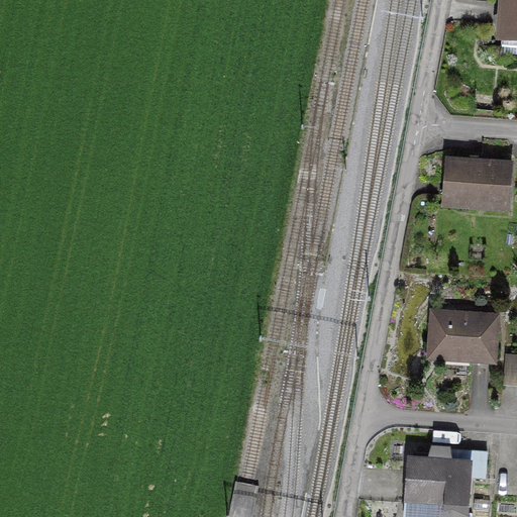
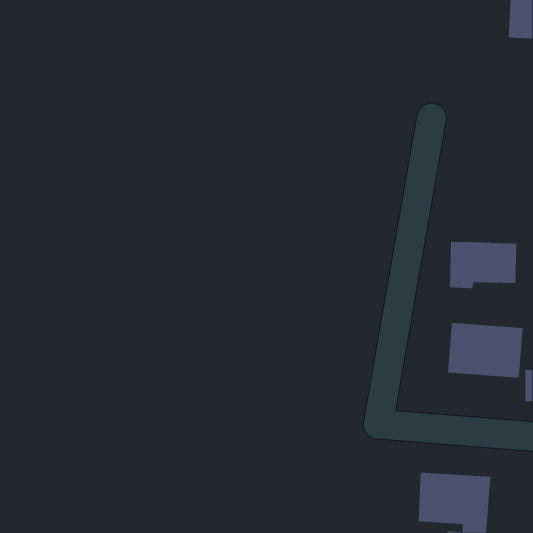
building: [444,161,510,206] -> [449,242,517,289]

